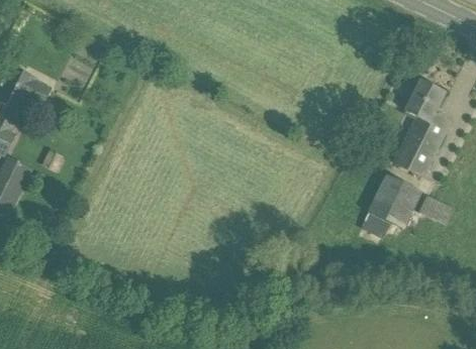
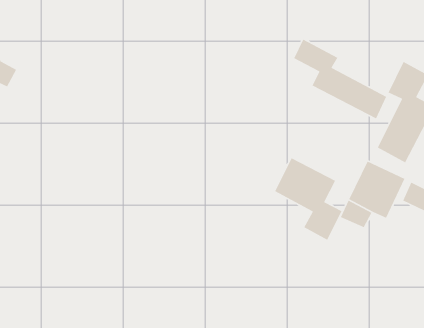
building: none -> [293,39,387,120]
building: none -> [274,157,343,241]

